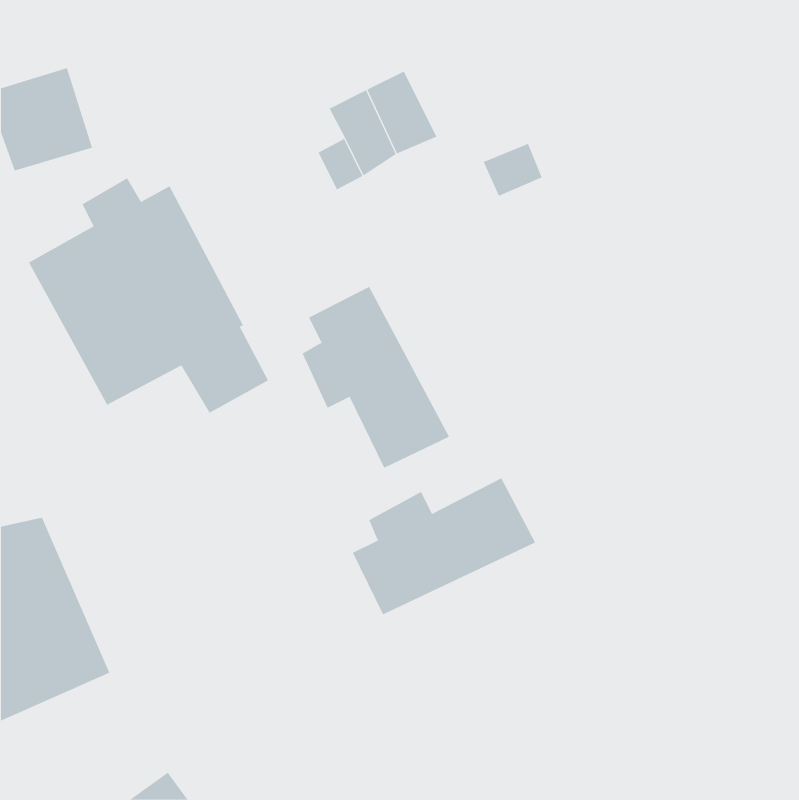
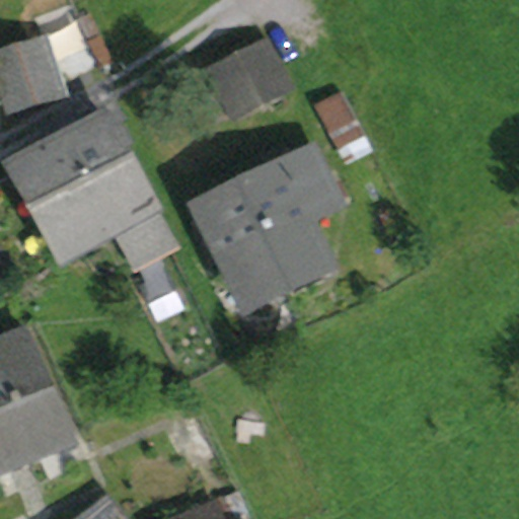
building: none -> [241,150,340,282]
building: [352,478,536,615] -> none

